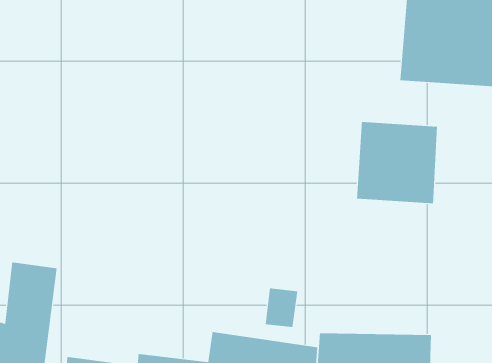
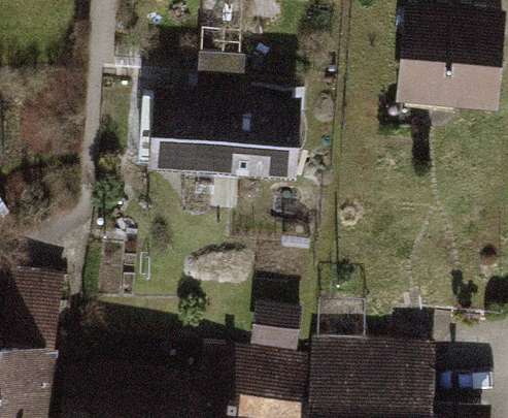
building: none -> [154,60,299,179]
building: [356,121,438,204] -> none

